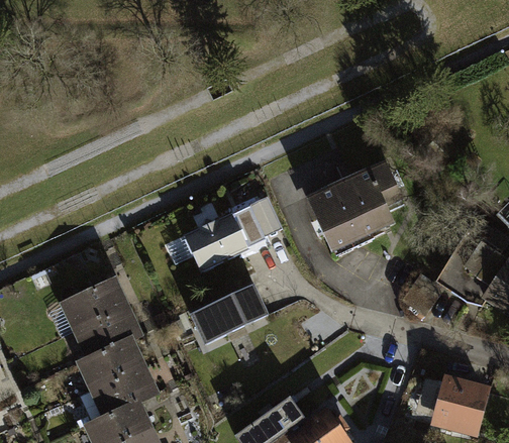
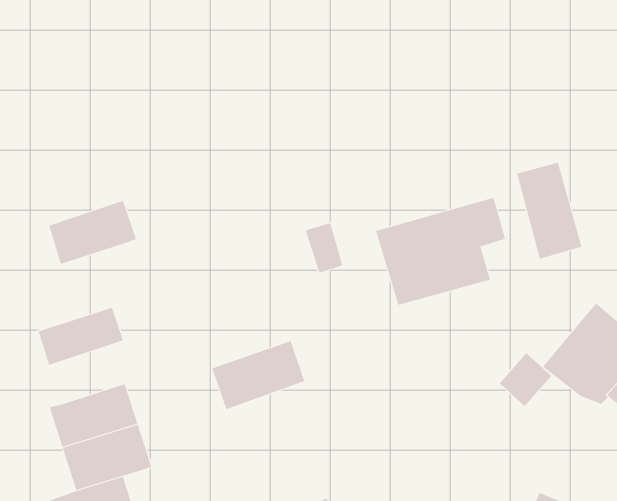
building: none -> [516,162,582,260]
building: [181,213,245,272] -> none
building: [75,303,140,355] -> [49,200,137,264]

